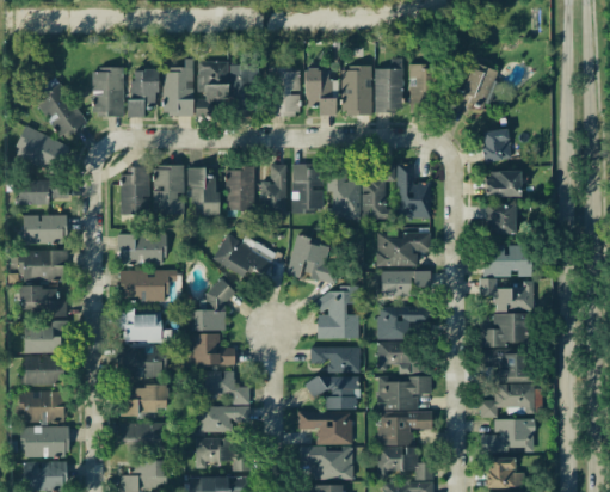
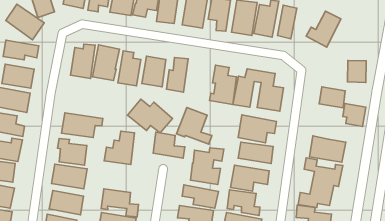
building: [481,128,512,162] -> [348,60,366,82]
building: [292,164,324,214] -> none
building: [485,204,516,233] -> [343,104,366,126]
building: [118,233,166,265] -> none
building: [190,333,235,364] -> [153,132,185,158]

